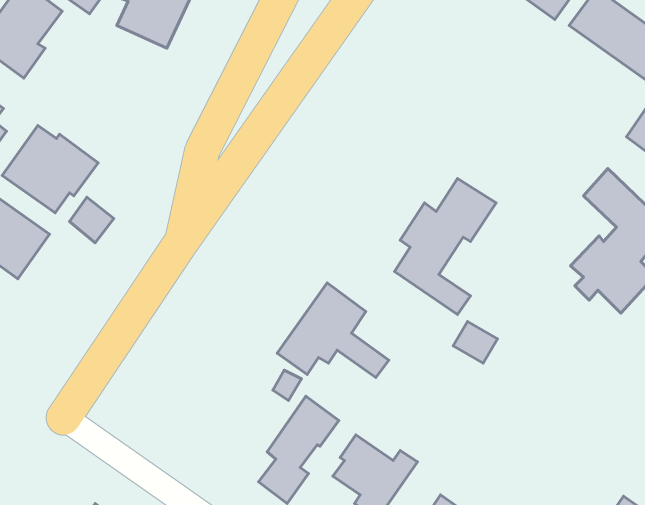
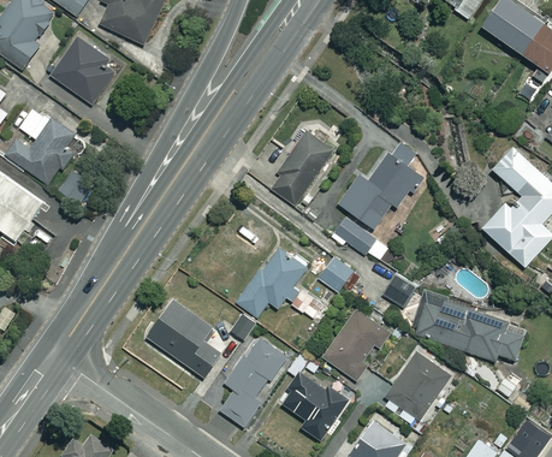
building: none -> [51,37,113,106]
building: none -> [267,129,334,208]
building: none -> [319,256,354,292]
building: none -> [412,293,526,361]
building: none -> [146,299,220,376]
building: none -> [322,309,390,381]
building: none -> [385,351,451,421]

